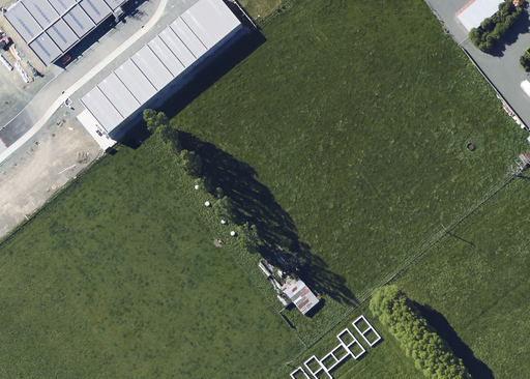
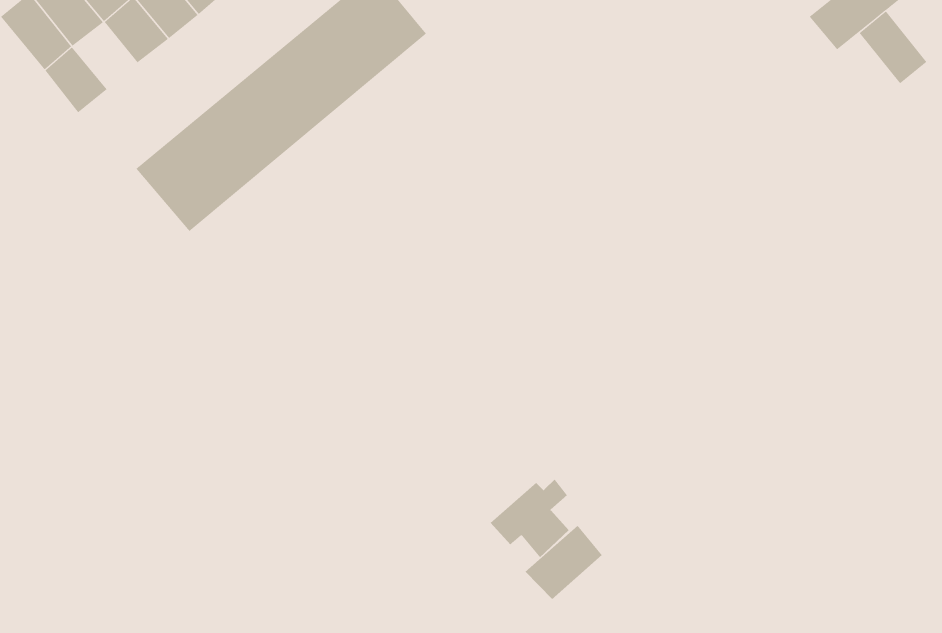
building: none -> [859,11,927,84]
building: [43,17,80,54] -> none
building: none -> [525,525,602,600]

